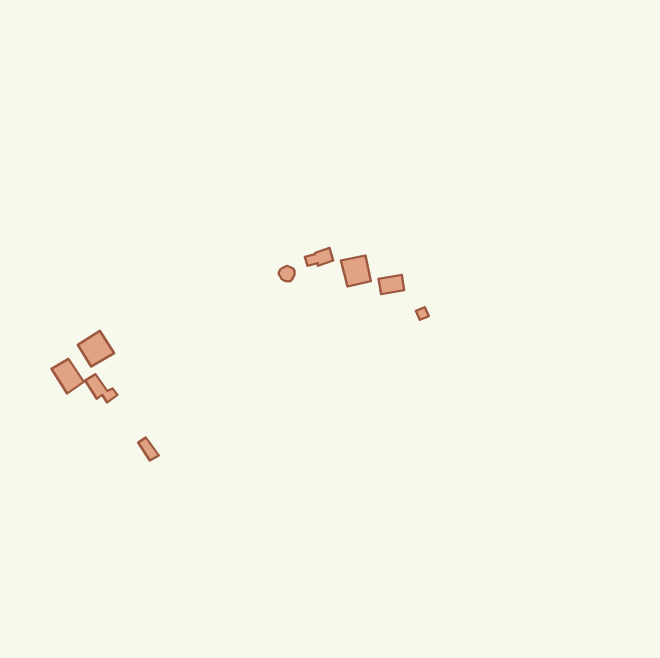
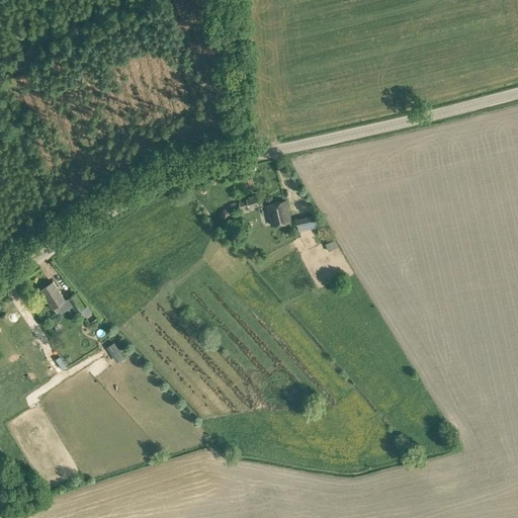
building: [78,331,114,366] -> none

